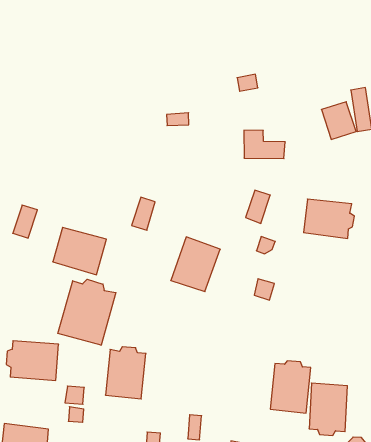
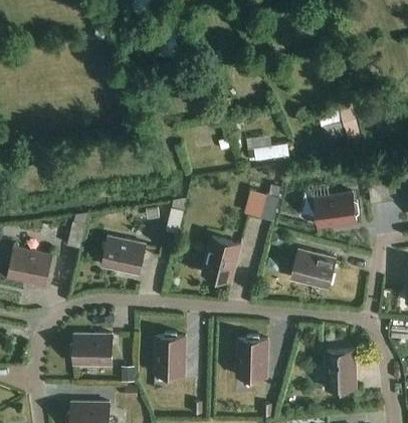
building: none -> [290,249,335,287]
building: [58,279,116,345] -> none
building: [270,361,311,413] -> [236,335,267,377]

